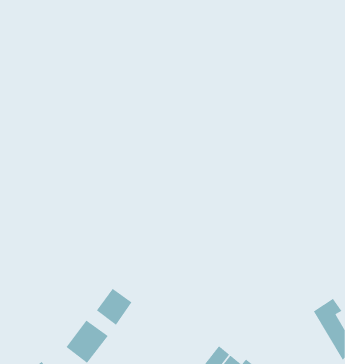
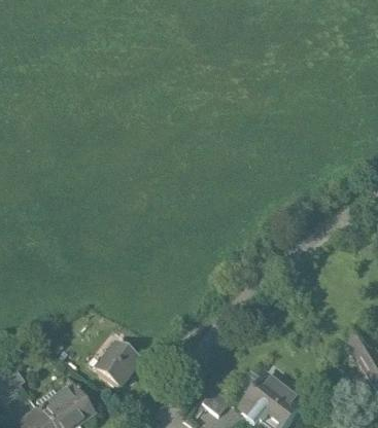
building: [96,288,133,326] -> none

